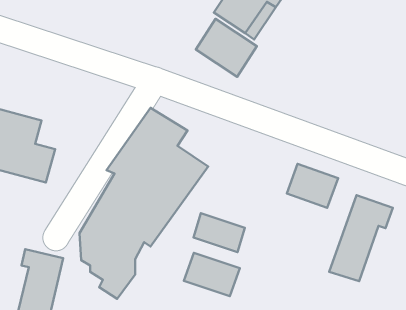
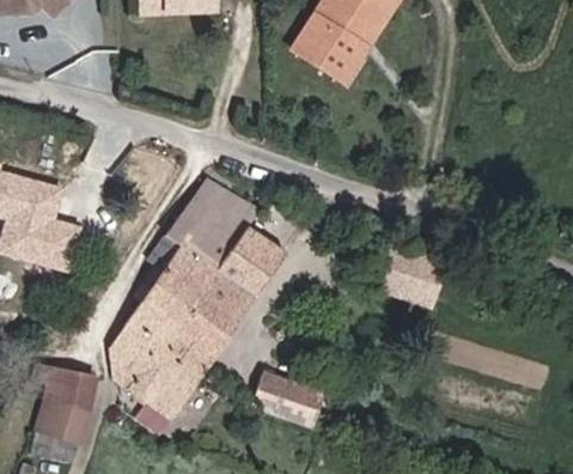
building: [196,19,257,77] -> none
building: [329,195,393,281] -> none
building: [193,213,245,252] -> none

